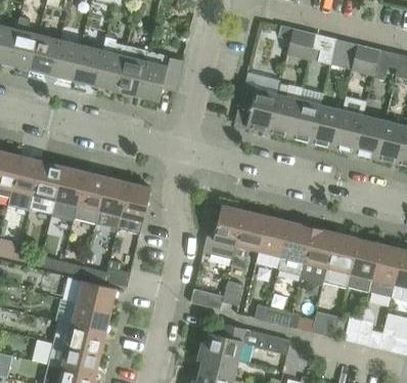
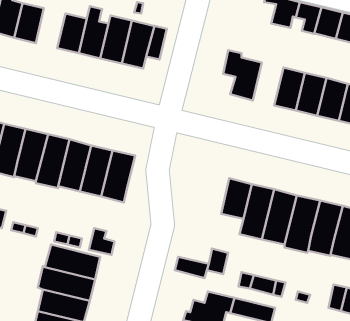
building: [51,40,81,80] -> none
building: [268,82,299,137] -> none
building: [202,203,244,260] -> none

